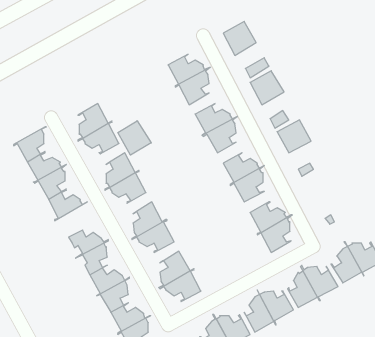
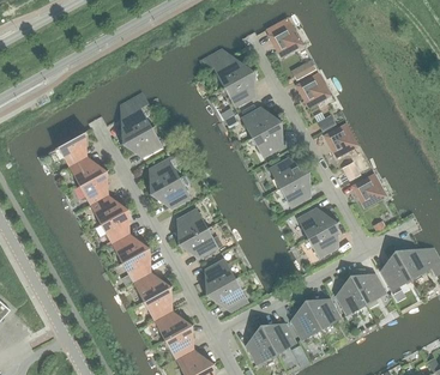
building: [118,121,151,155] -> none
building: none -> [352,174,387,208]
building: none -> [97,207,131,243]

